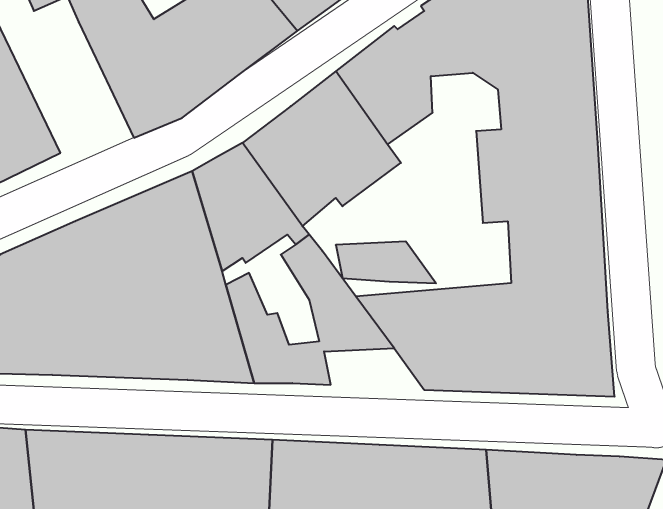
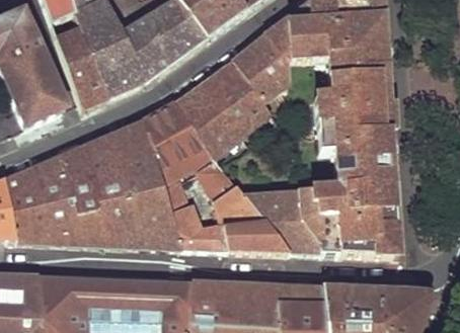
building: none -> [54,29,110,111]
building: [336,242,436,283] -> [226,227,287,252]

